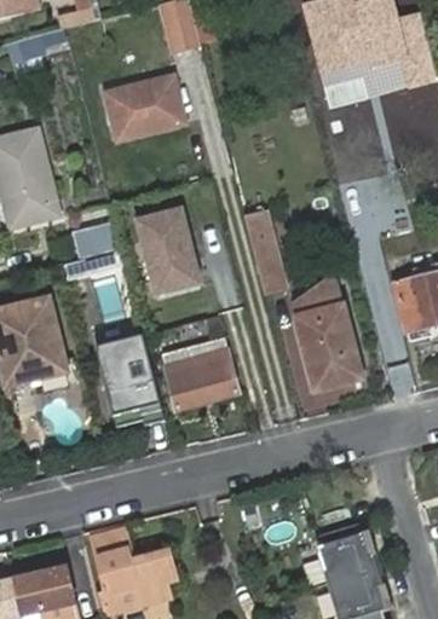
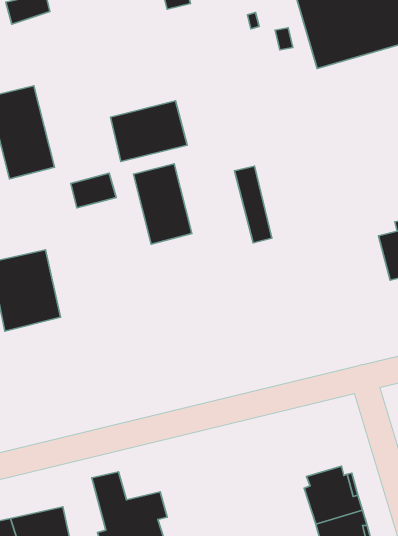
building: [106,76,186,139] -> [111,101,187,161]
building: [296,279,362,391] -> none
building: [98,335,167,427] -> none
building: [163,337,240,409] -> none

